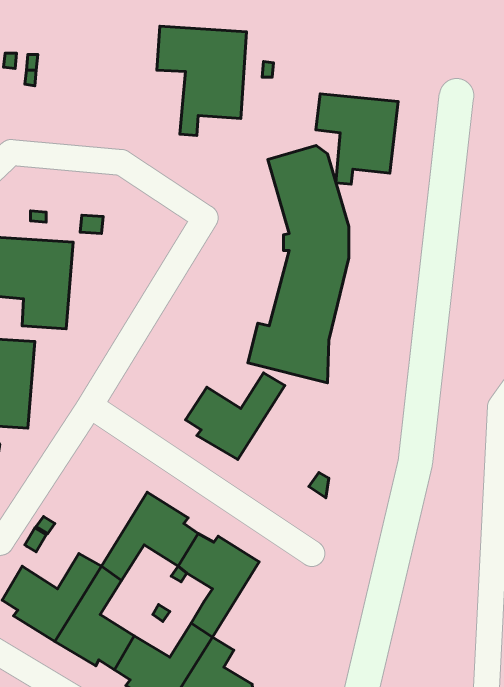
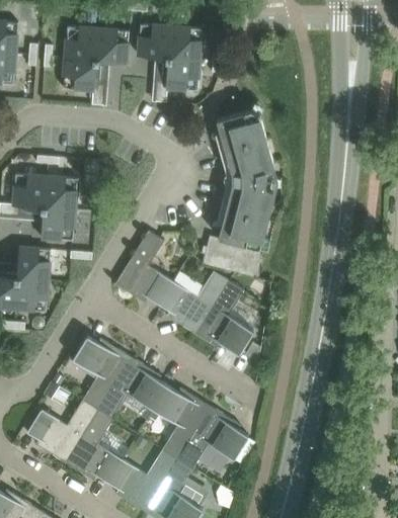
building: none -> [63,27,129,105]
building: [316,94,398,184] -> none
building: none -> [115,232,173,306]
building: none -> [195,281,253,355]
building: none -> [73,337,131,410]
building: none -> [177,407,248,469]

